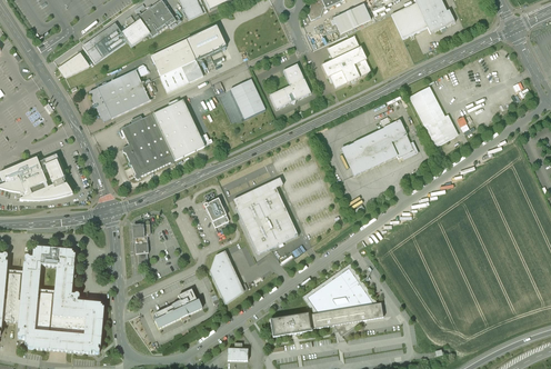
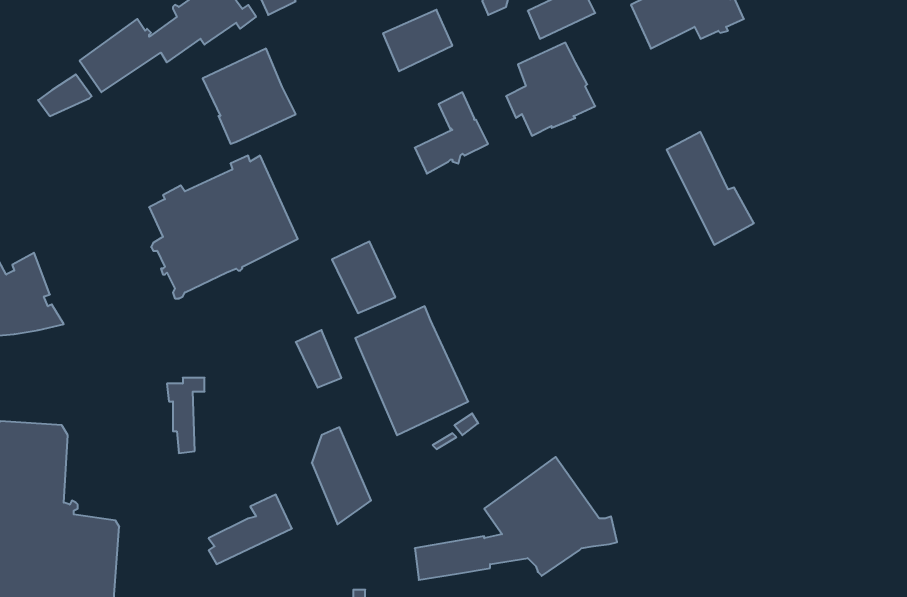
building: [186,24,224,59] -> [383,10,452,71]
building: [88,64,149,121] -> none
building: [229,78,264,118] -> [332,242,395,313]
building: [341,120,420,177] -> none

